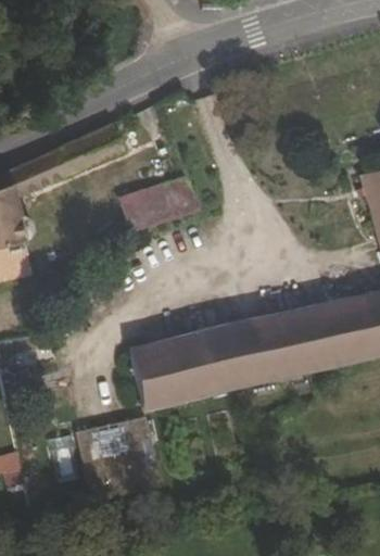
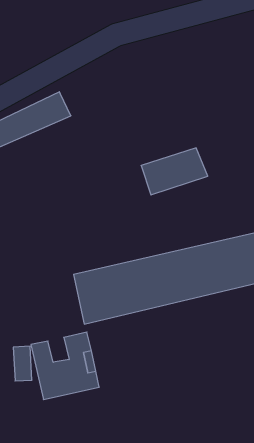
building: [117,177,199,235] -> [141,148,208,195]

